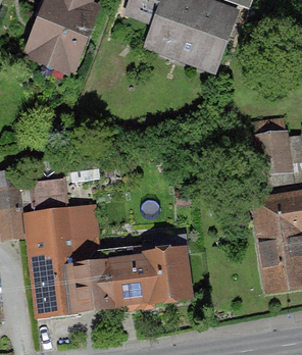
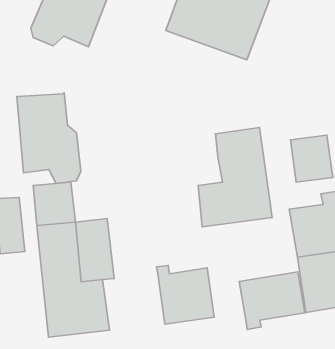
building: none -> [17,93,81,183]
building: none -> [198,127,272,227]
building: [90,249,144,306] -> none
building: none -> [239,272,305,330]

